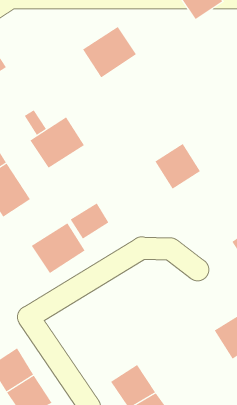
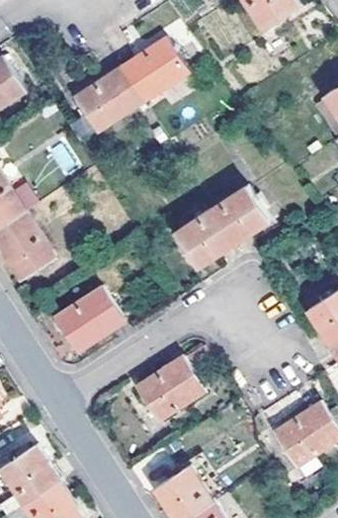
building: [30,116,85,169] -> [72,68,142,134]
building: none -> [174,209,232,268]
building: [70,203,109,239] -> none
building: none -> [137,356,204,421]

